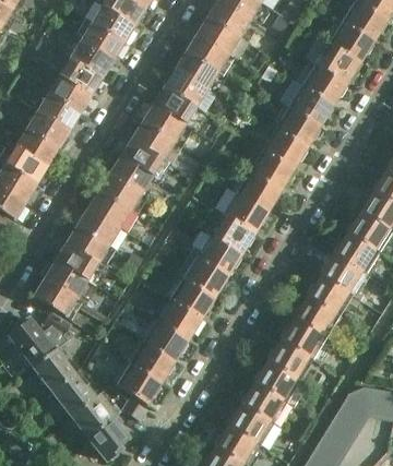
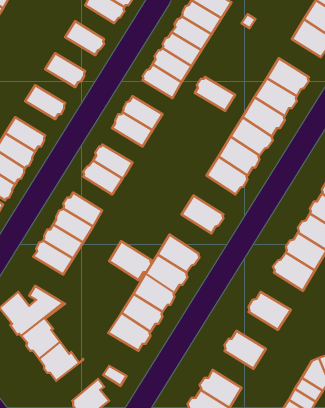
building: [91,7,133,44] -> none
building: [69,41,112,79] -> none
building: [312,44,358,85] -> none
building: [47,76,91,113] -> none
building: [153,88,196,126] -> [195,77,235,111]
building: [25,111,69,148] -> none
building: [120,141,164,178] -> none
building: [219,192,265,235] -> none
building: [88,193,131,230] -> none
building: [193,235,239,277] -> [109,241,151,280]
building: [34,280,78,319] -> none
building: [293,298,338,338] -> none
building: [266,340,311,381] -> none
building: [114,363,159,405] -> none
building: [239,383,285,423] -> none
building: [70,393,116,438] -> none

